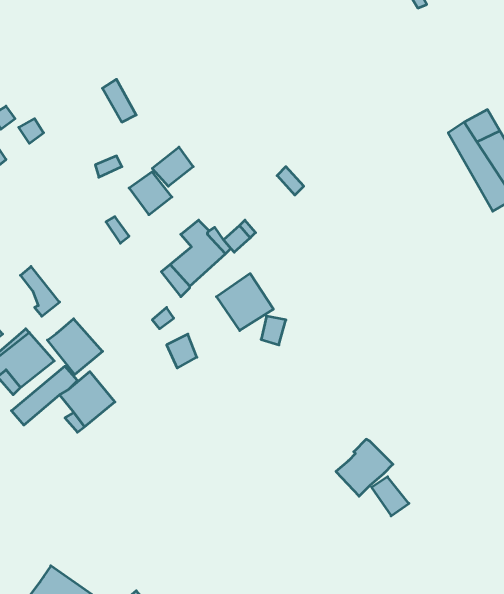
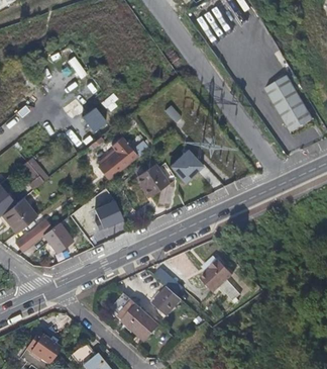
building: none -> [171,149,205,183]
building: [47,319,103,374] -> none
building: none -> [149,287,179,315]
building: none -> [116,301,157,341]

